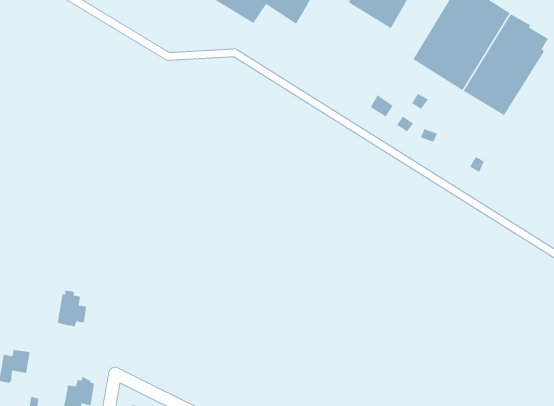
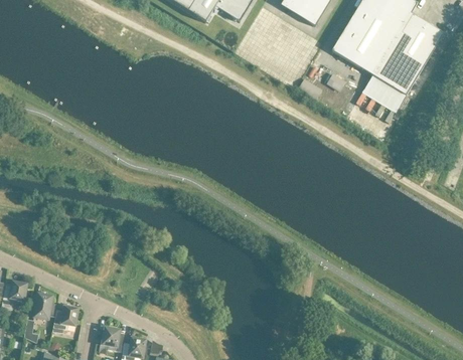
building: none -> [363,75,410,119]
building: [57,290,87,327] -> [33,290,57,319]

